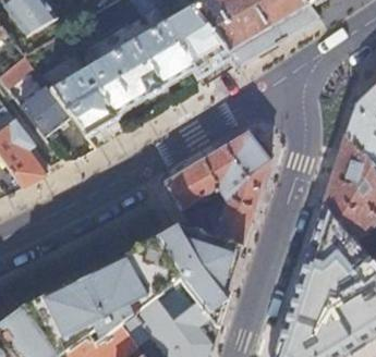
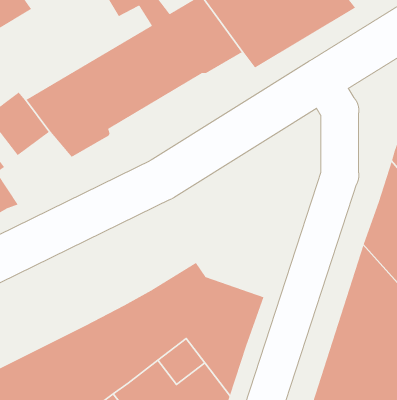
building: [165,132,270,247] -> none

